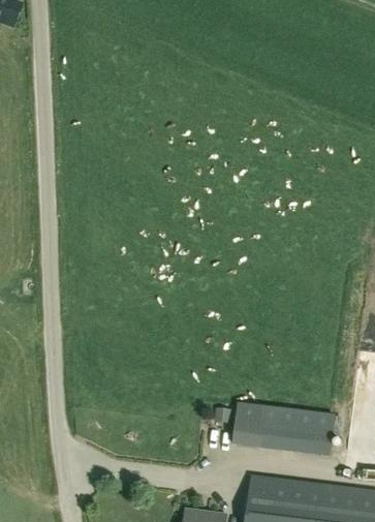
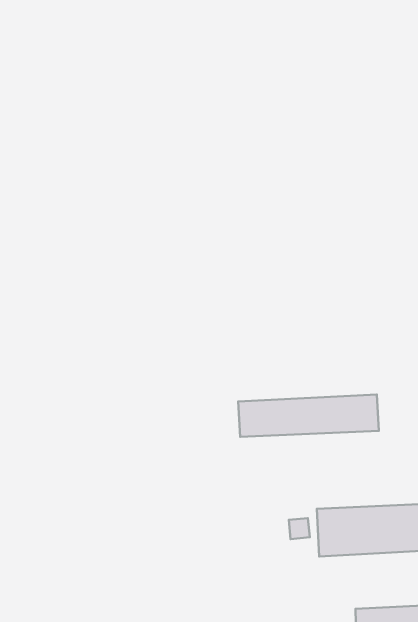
building: none -> [238,394,379,437]

